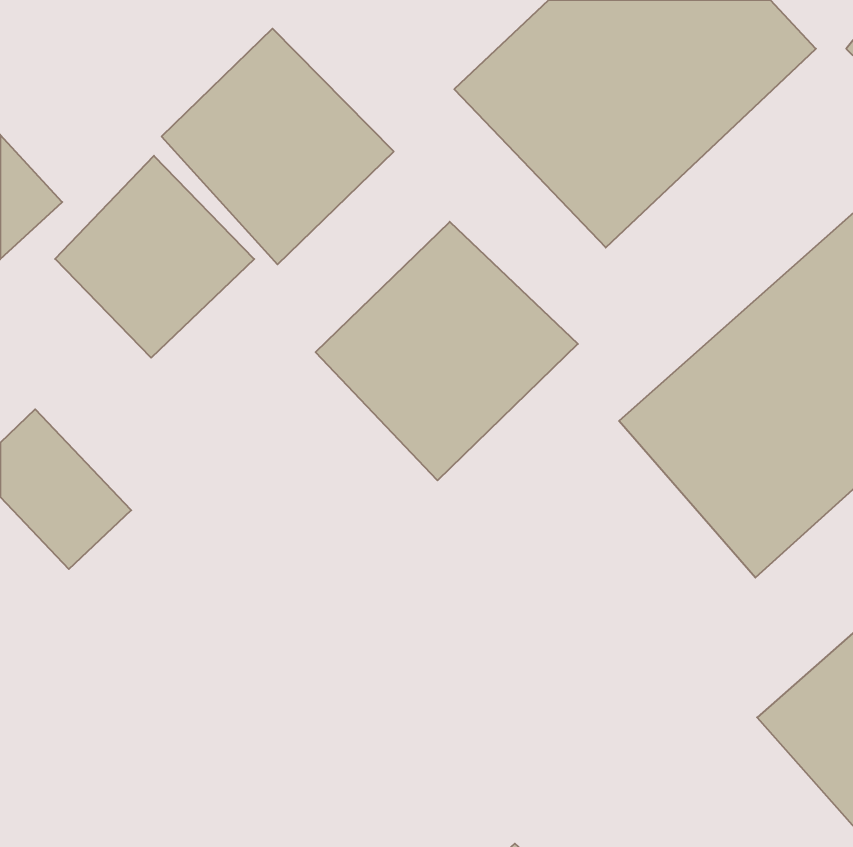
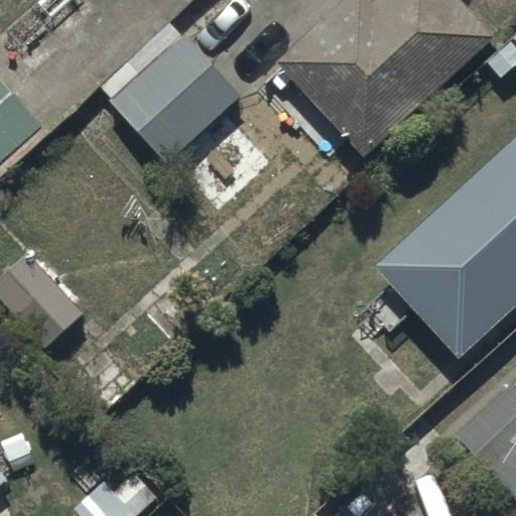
building: [55,156,254,358] -> none
building: [316,222,578,480] -> none

